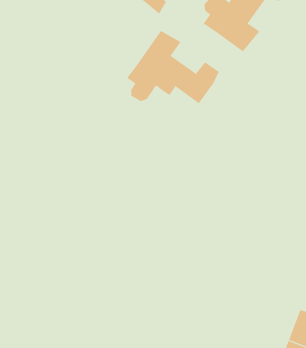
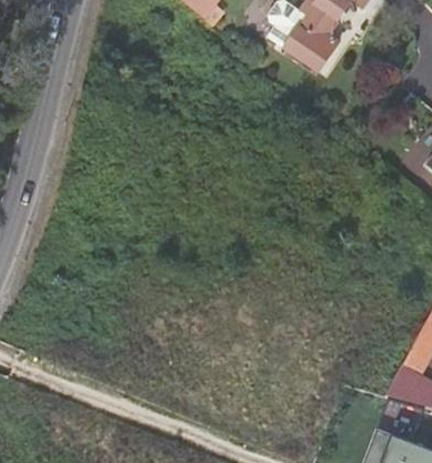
building: [127,30,220,104] -> none

